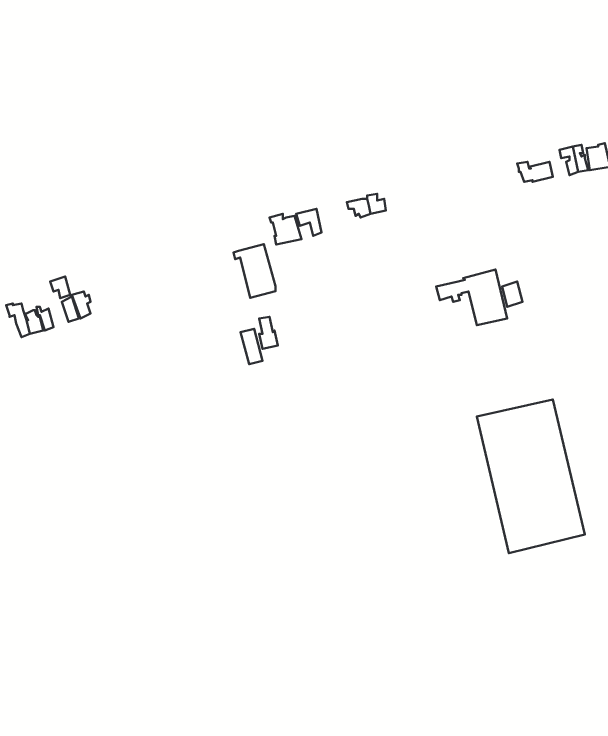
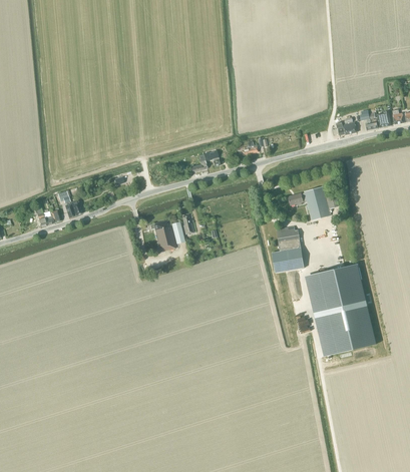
building: [233,244,276,298] -> [149,219,174,252]
building: none -> [271,225,304,273]

